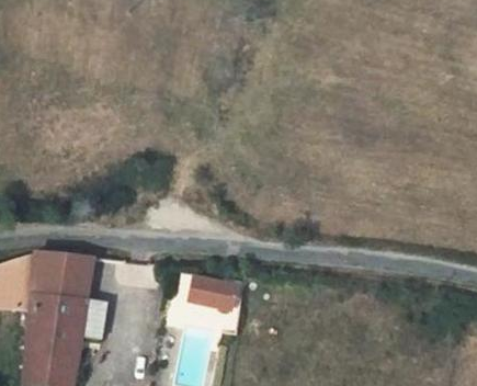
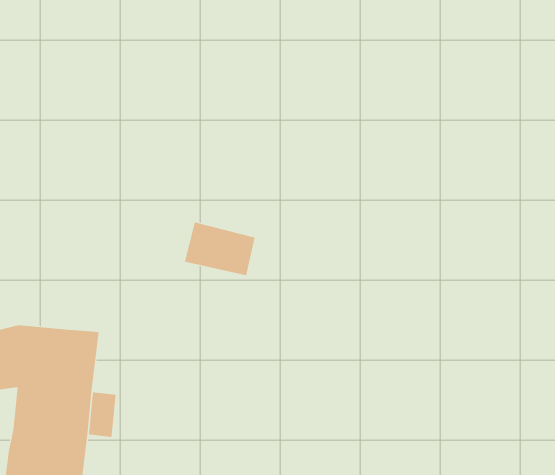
building: [179,269,234,310] -> [184,222,255,276]

